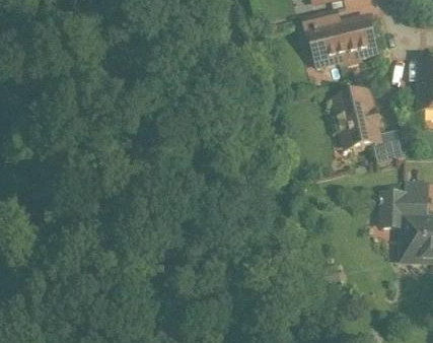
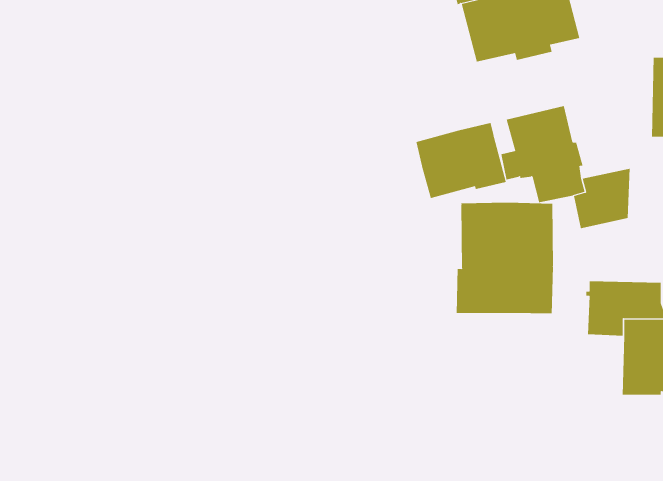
building: none -> [416,122,506,199]
building: none -> [456,202,553,314]

